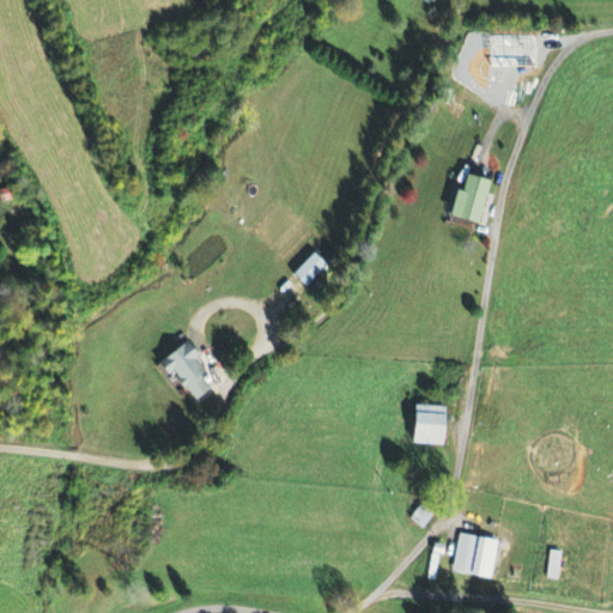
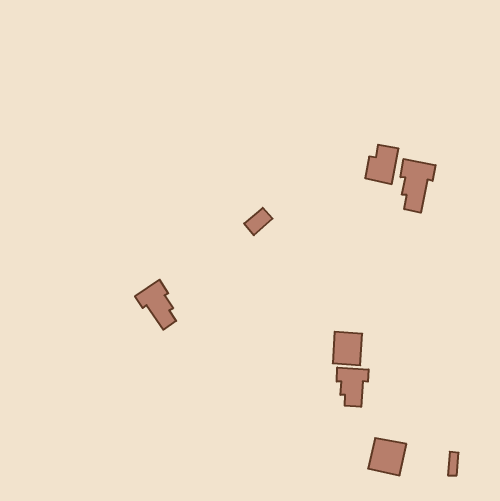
building: none -> [401,159,436,213]
building: none -> [337,367,369,407]

